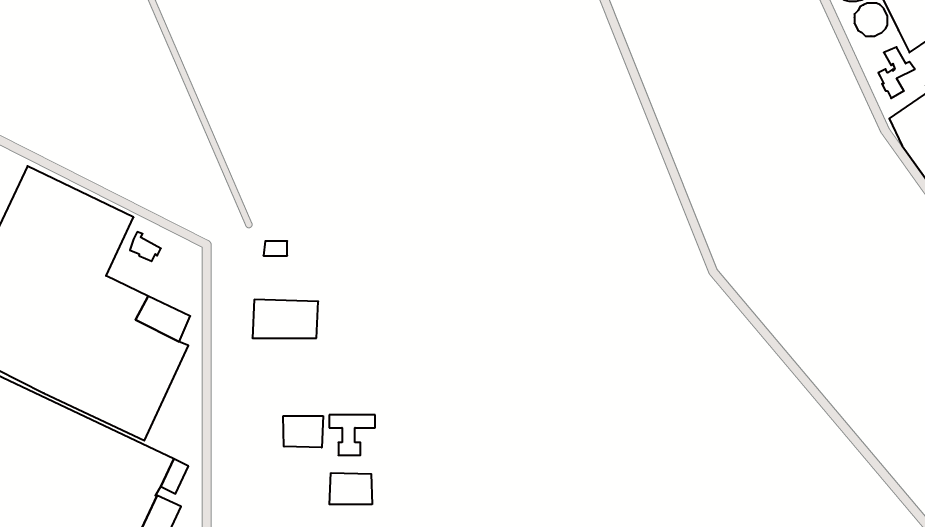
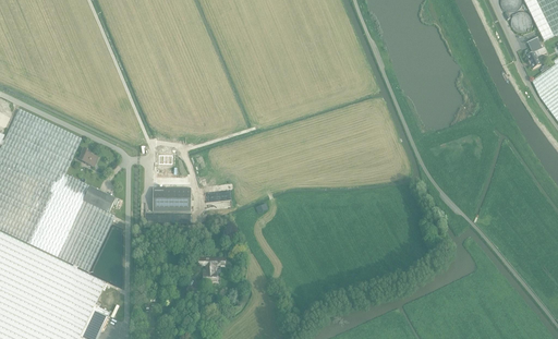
building: [283,416,323,448] -> none
building: [329,473,372,504] -> none

